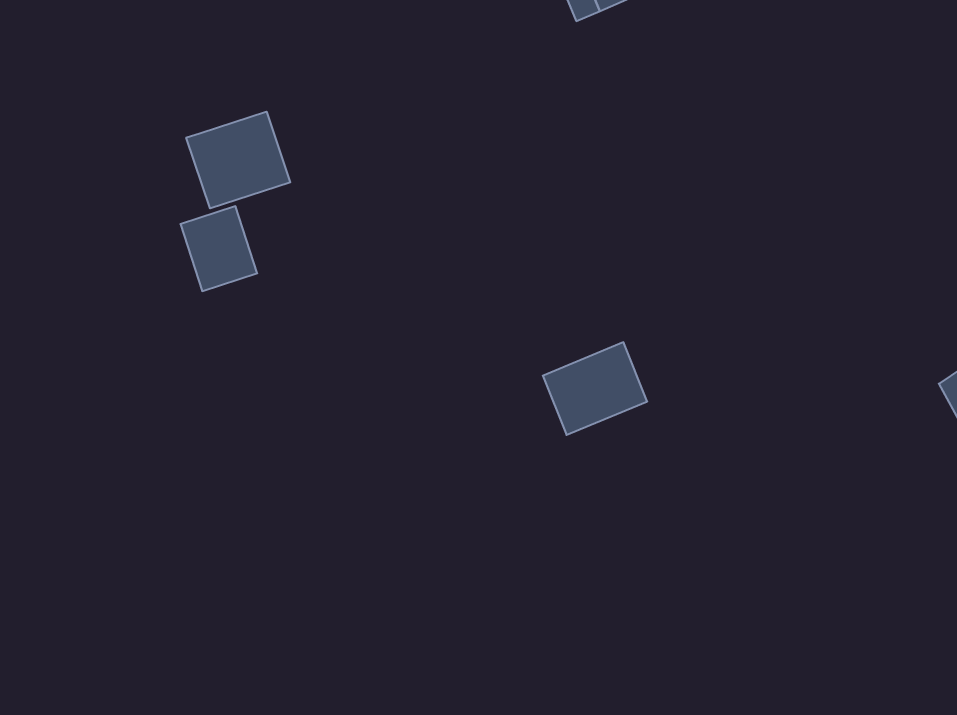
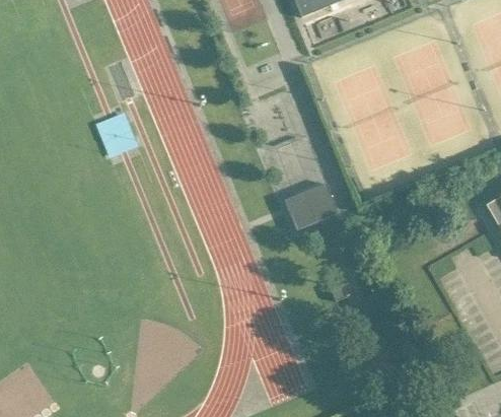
building: [186,112,290,208] -> none

